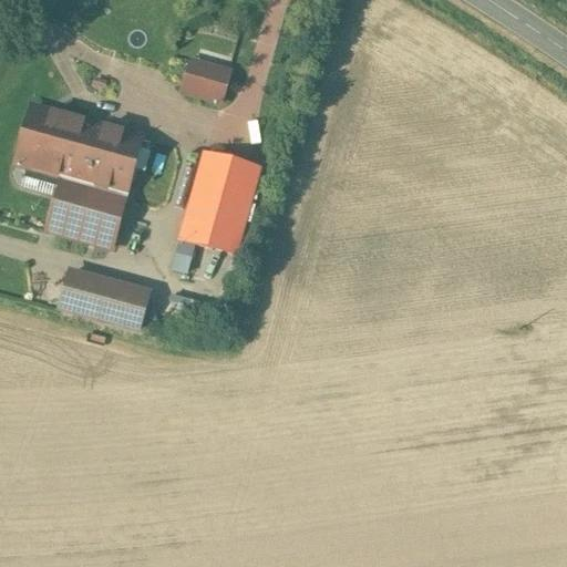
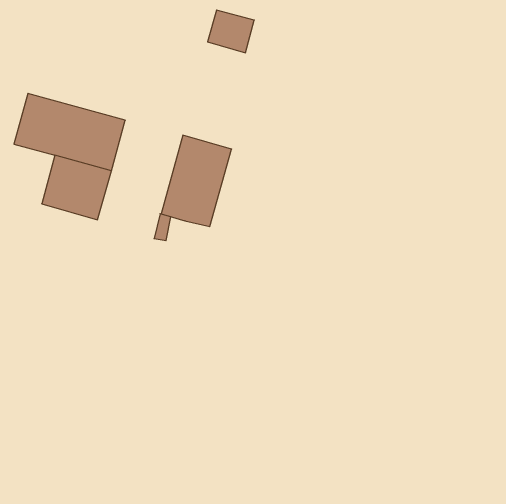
building: [181,55,233,103] -> [208,10,254,53]
building: [61,269,148,328] -> none

